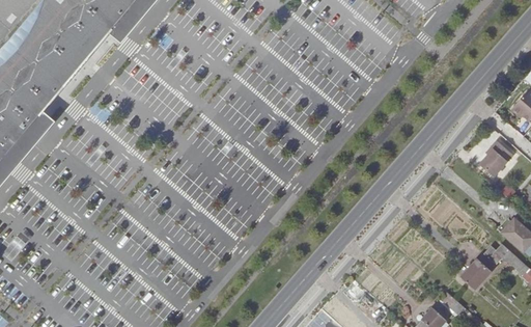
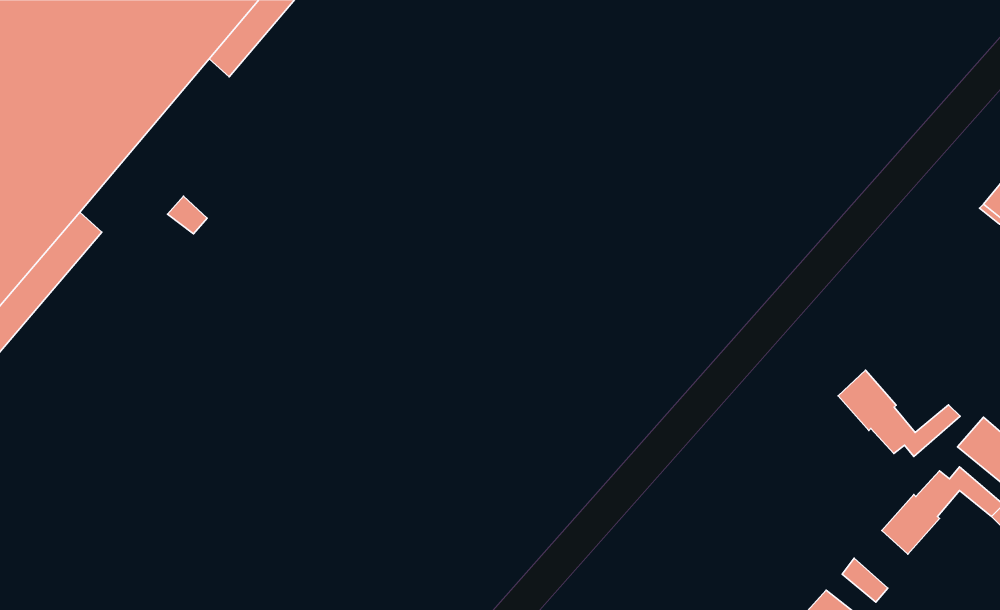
building: [479,141,512,176] -> none
building: none -> [838,370,960,457]

